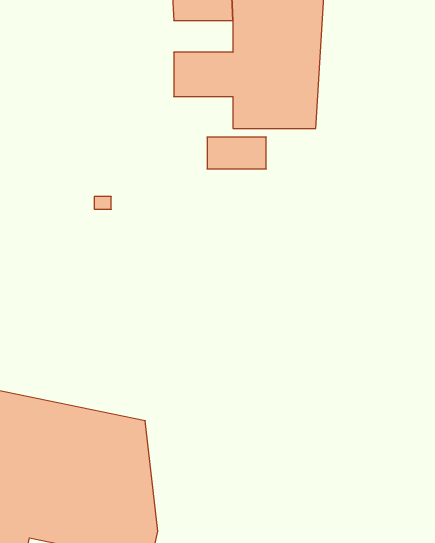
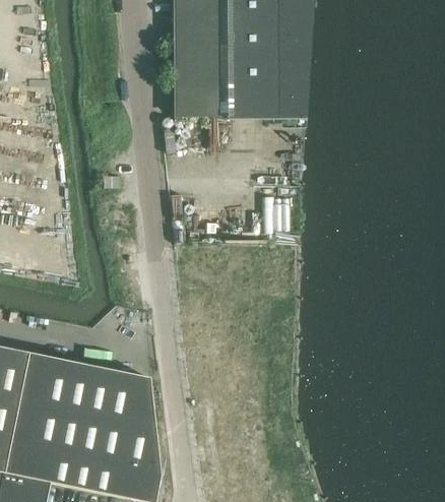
building: none -> [175,21,228,50]
building: [207,137,266,169] -> [175,89,228,118]

